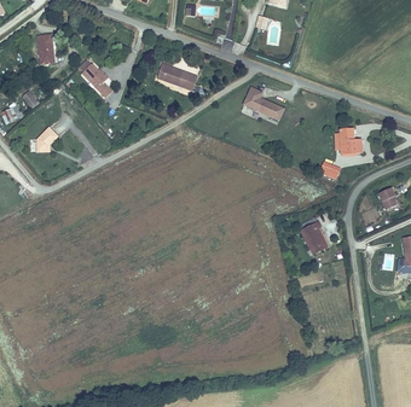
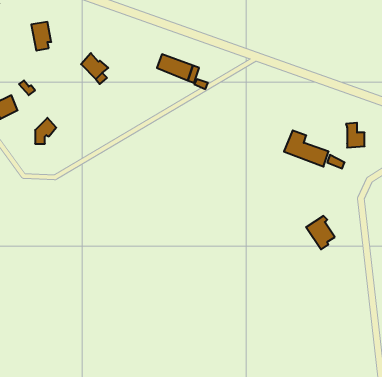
building: [238,86,282,121] -> [284,130,329,167]

